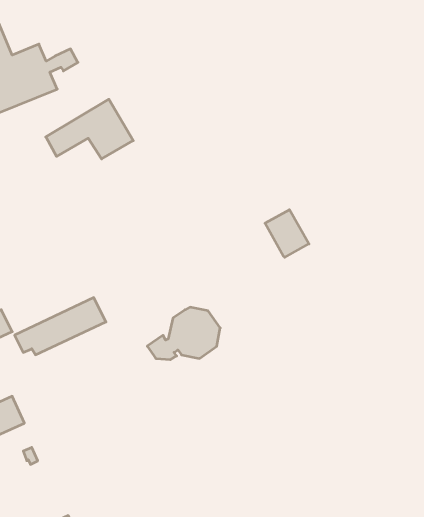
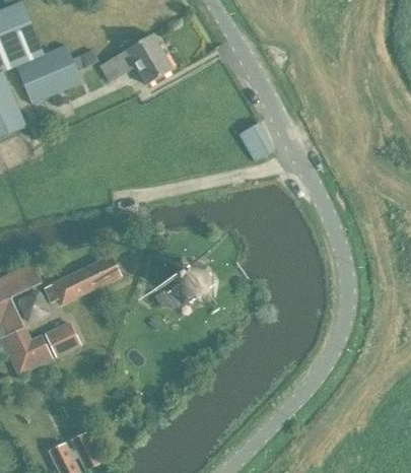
building: [46,99,133,159] -> [99,35,173,84]
building: [265,210,309,257] -> [236,121,273,160]
building: none -> [43,323,78,356]

